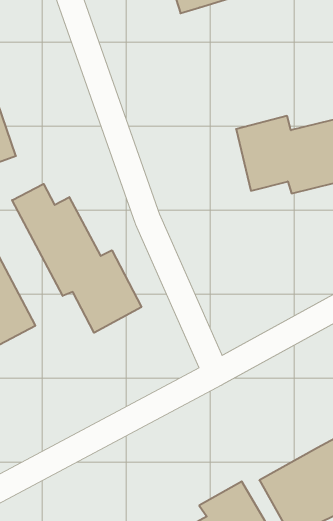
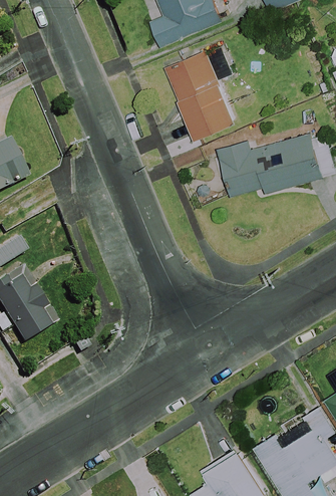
building: none -> [167,45,244,139]
building: [12,184,141,333] -> none

